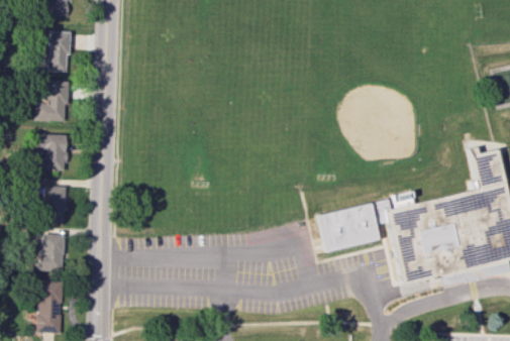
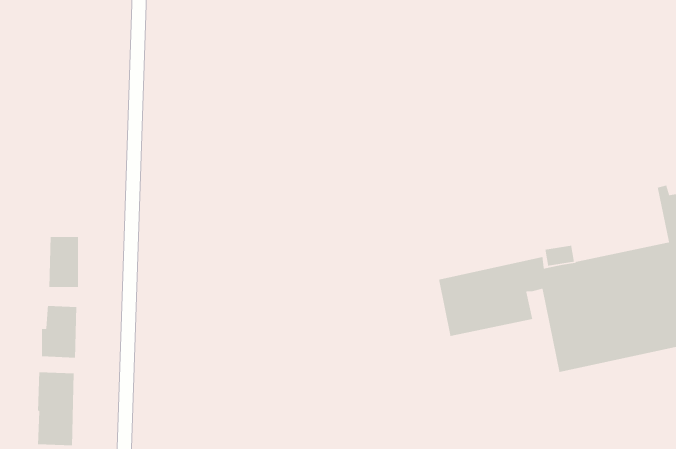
building: [48,30,71,72] -> none
building: [36,80,69,120] -> none
building: [35,132,67,169] -> none

